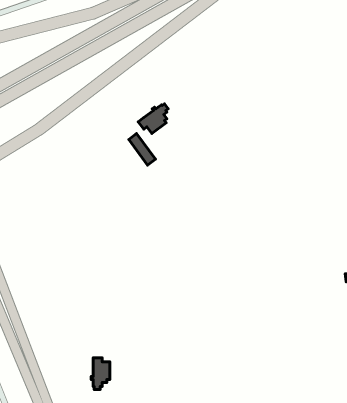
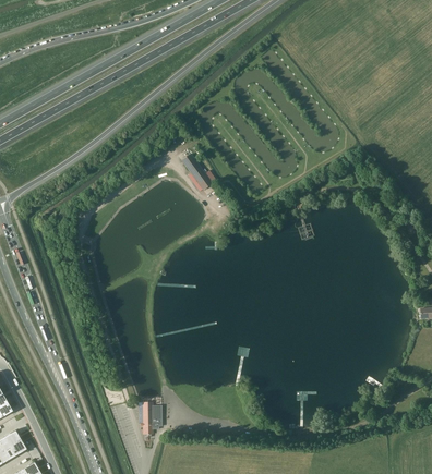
building: [138,104,168,133] -> none

